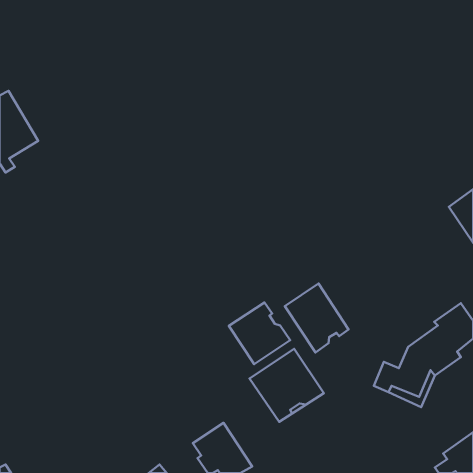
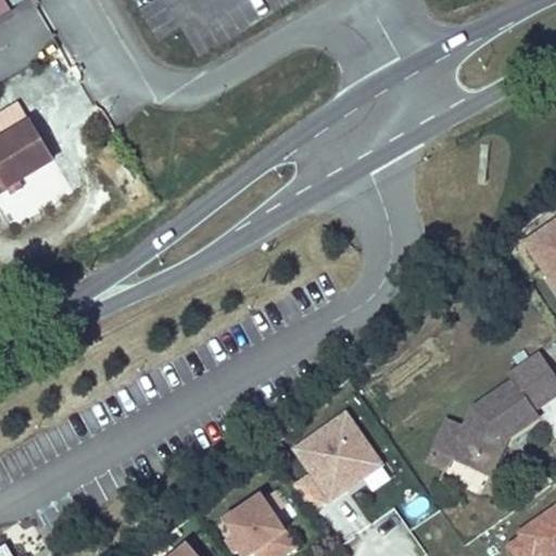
building: [285,283,349,352] -> none
building: [229,303,290,364] -> none

